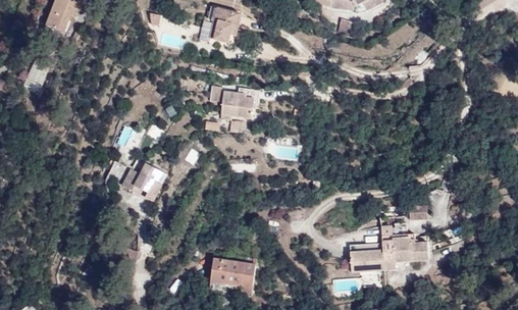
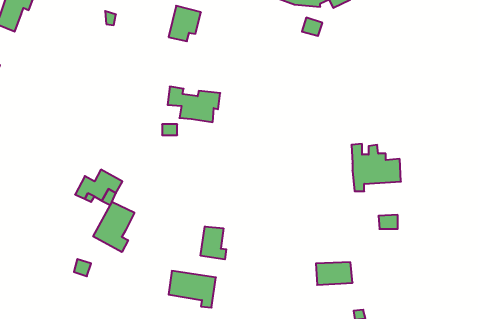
building: none -> [93,202,134,252]
building: none -> [201,226,226,259]
building: [380,224,427,269] -> [351,144,401,191]

